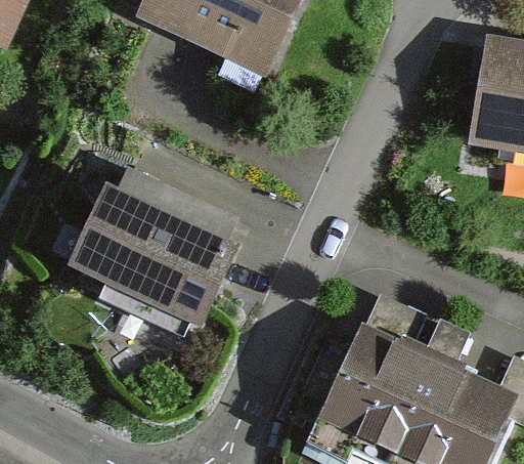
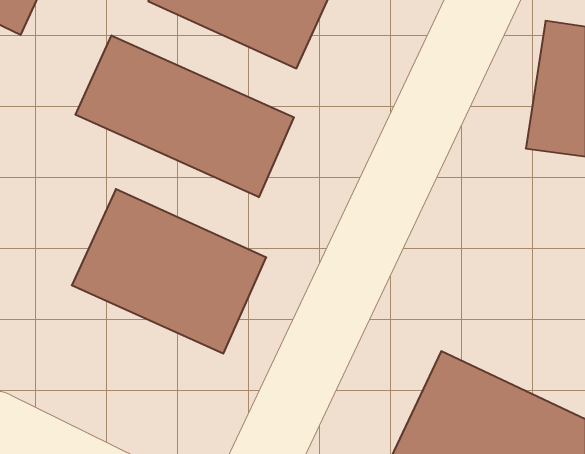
building: none -> [75,35,294,197]

